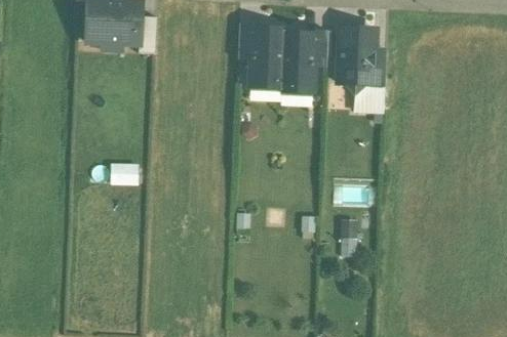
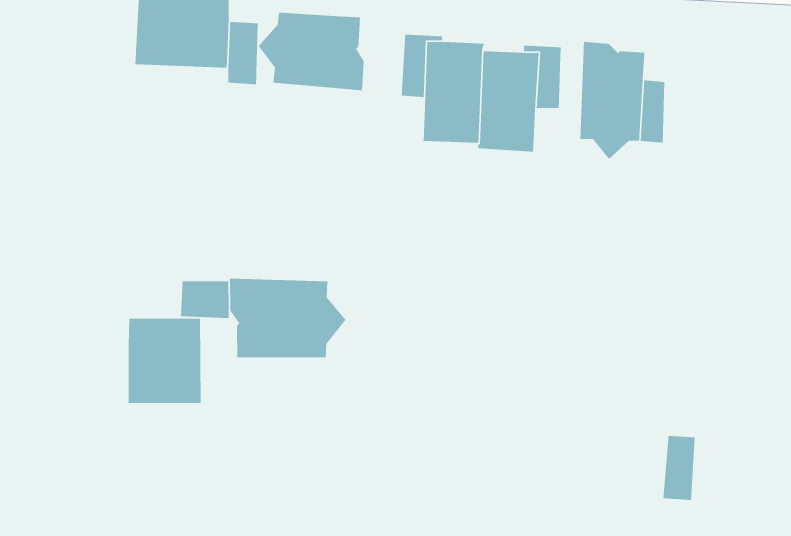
building: none -> [258,12,364,91]
building: none -> [229,278,347,358]
building: none -> [128,318,201,404]
building: [339,216,357,253] -> [662,435,695,501]

